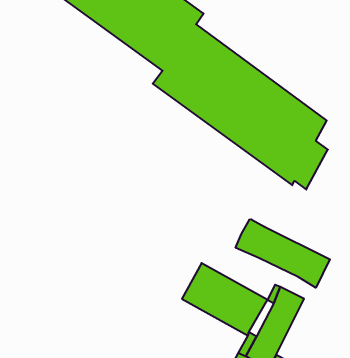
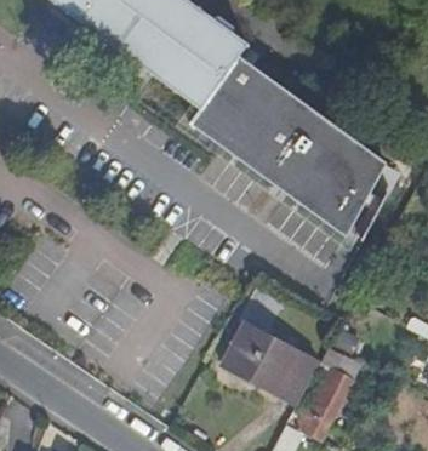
building: [236,219,330,288] -> none

